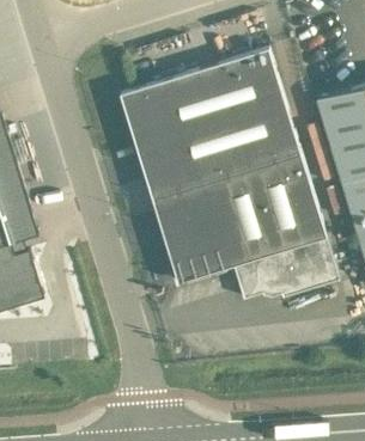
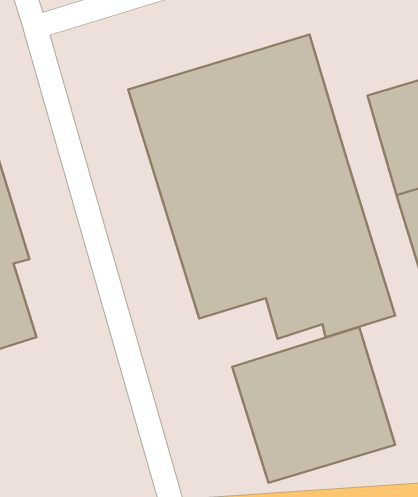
building: none -> [232,327,395,483]

